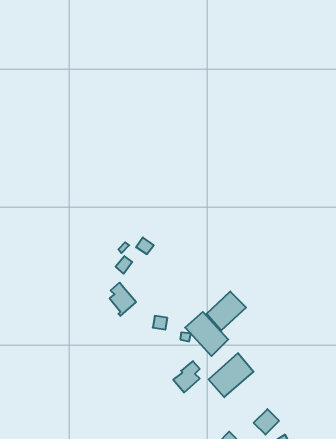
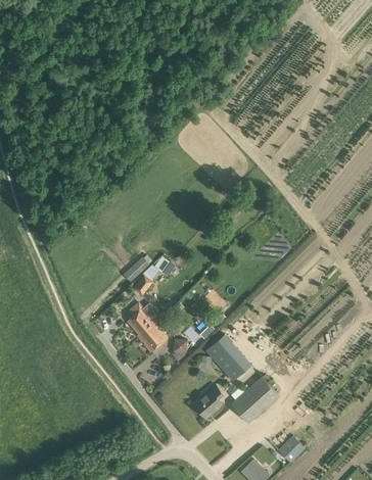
building: [206,291,246,331] -> none
building: none -> [139,324,168,352]

